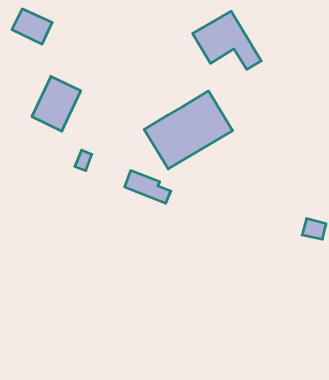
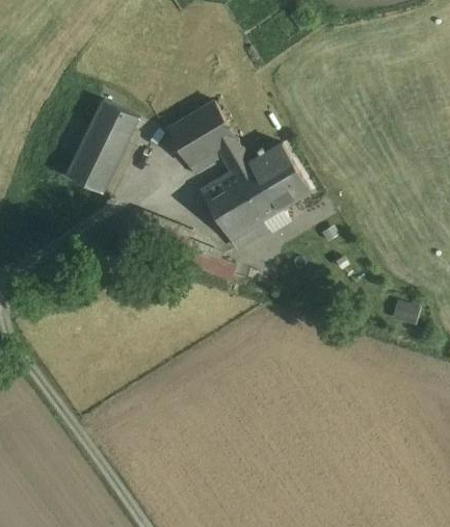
building: [12,9,52,44] -> [88,102,137,144]
building: [193,11,261,69] -> [165,103,248,174]

